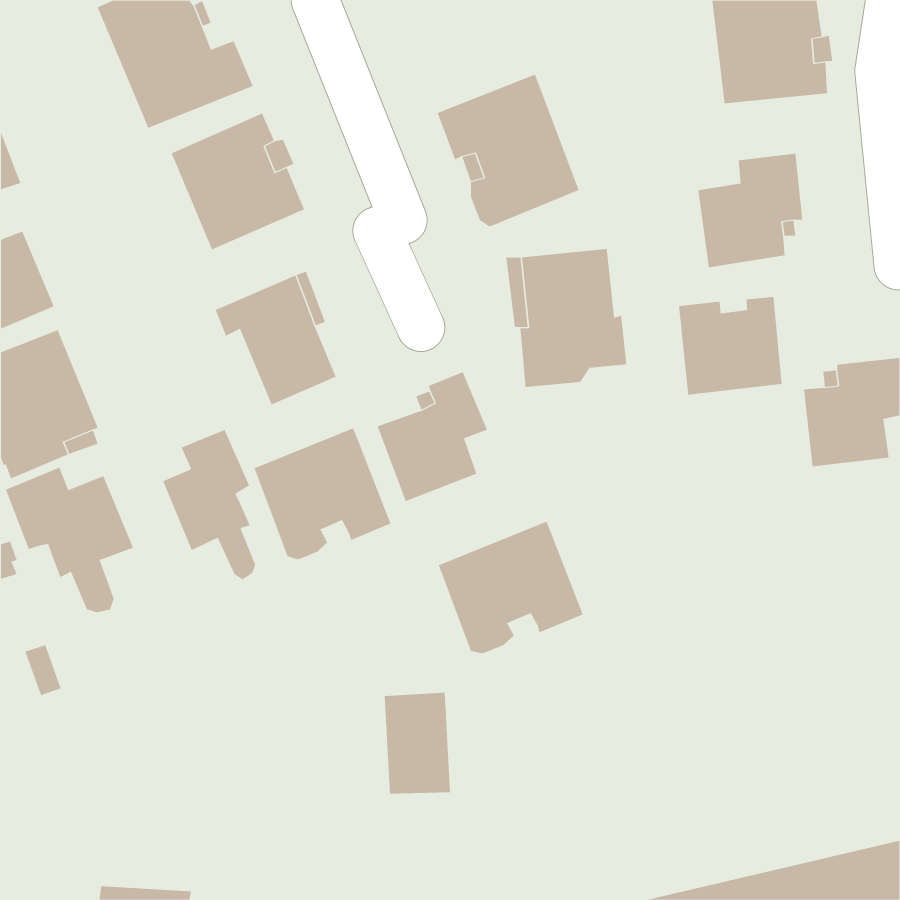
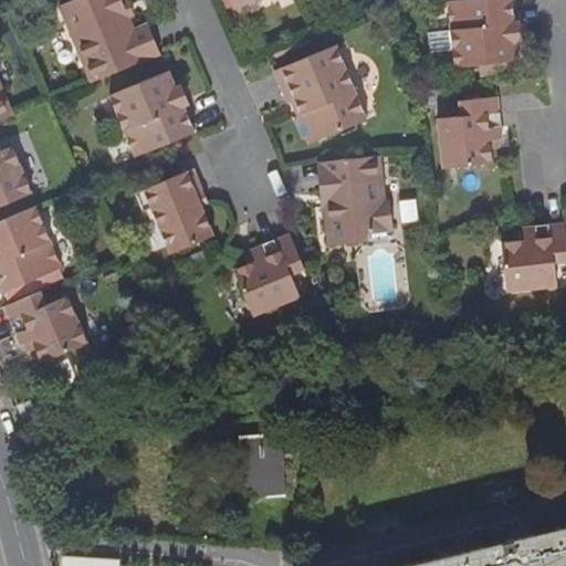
building: [679,296,782,395] -> none
building: [254,427,391,560] -> none
building: [163,429,256,580] -> none
building: [438,521,583,654] -> none

